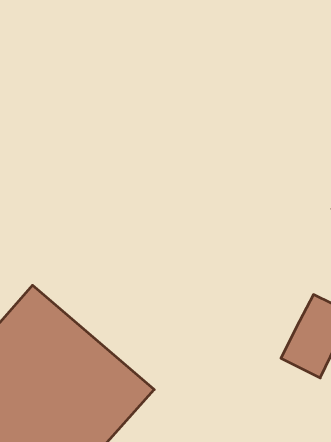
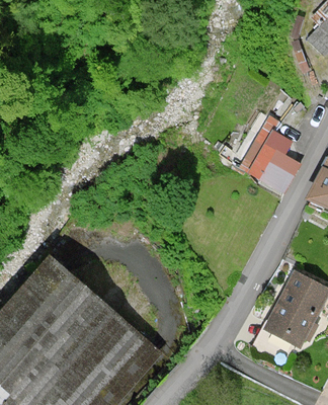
building: none -> [241,116,298,191]

